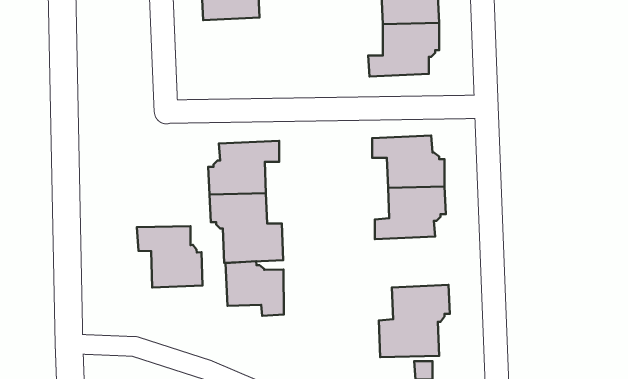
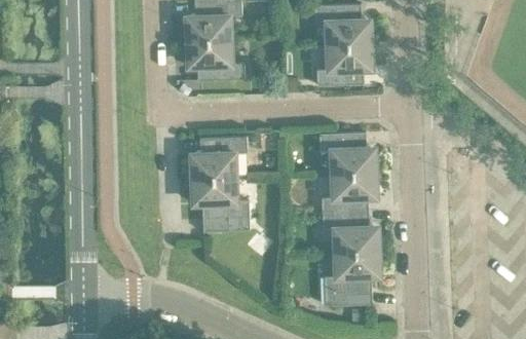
building: none -> [185,39,242,80]
building: [137,226,202,288] -> none
building: none -> [320,211,377,251]
building: [226,261,284,316] -> none

